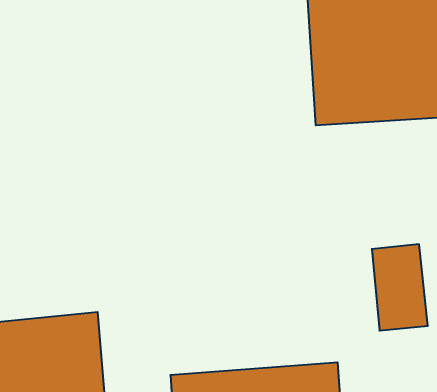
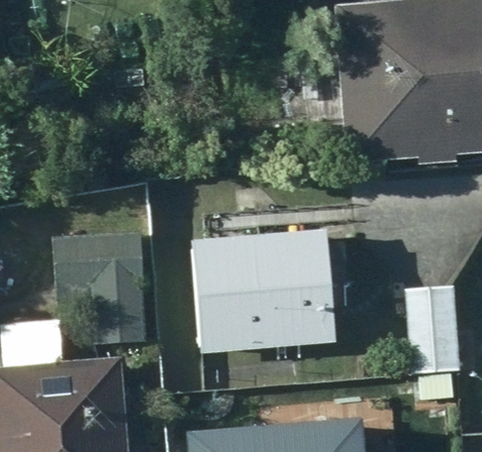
building: none -> [51,232,144,302]
building: none -> [194,234,334,354]

